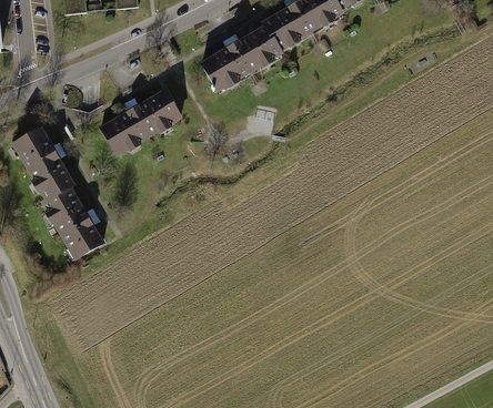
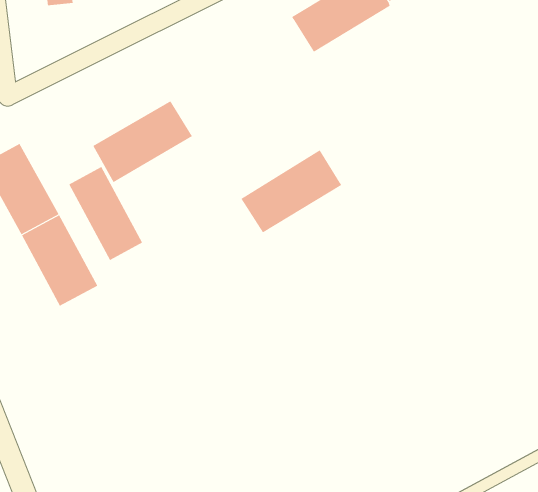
building: [198,25,280,93] -> [240,150,342,233]
building: none -> [69,166,143,261]

